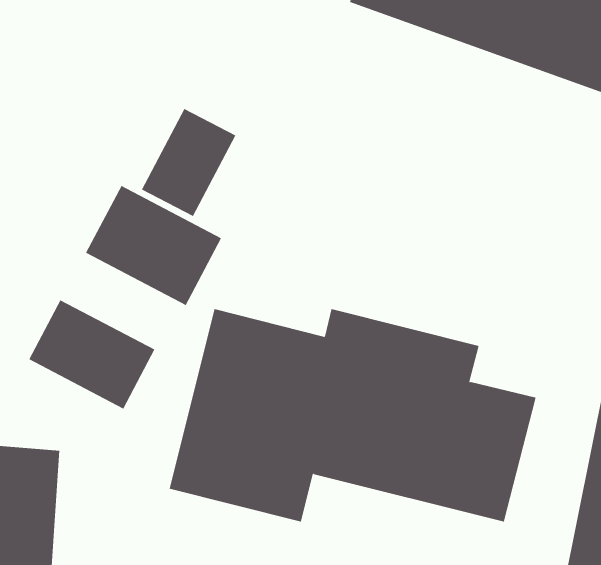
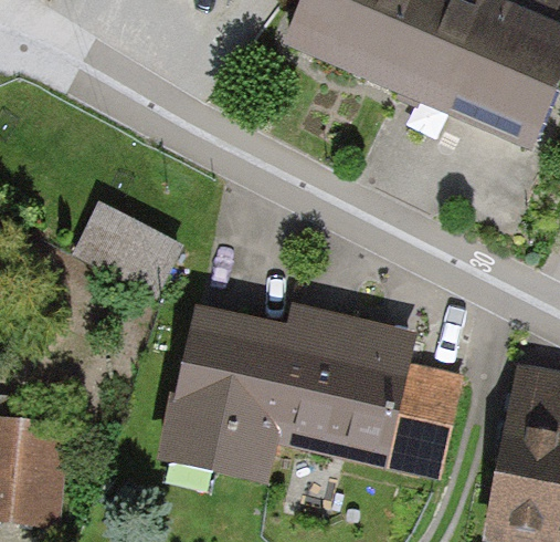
building: [141,108,236,217] -> none
building: [29,299,155,410] -> none

